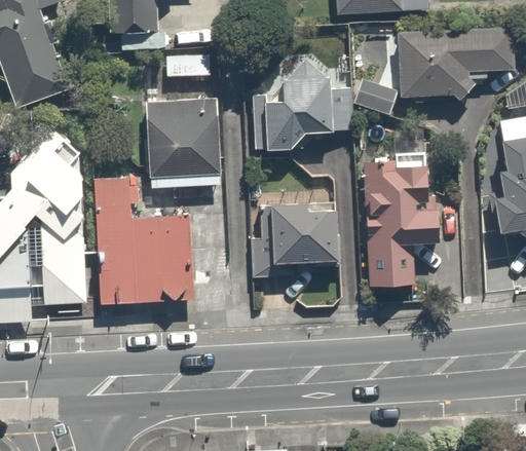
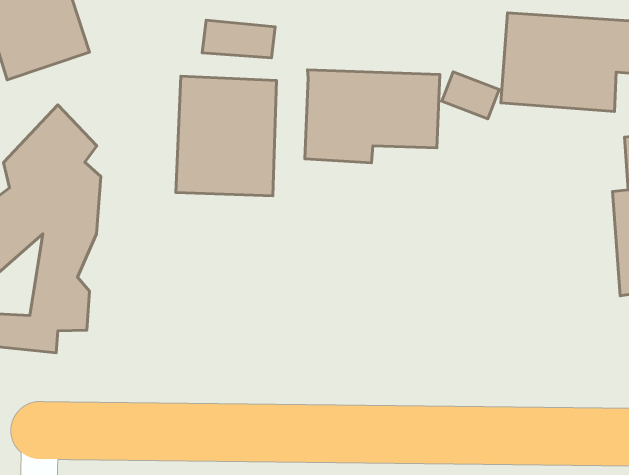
building: [359,152,453,297] -> none
building: [96,180,187,298] -> none
building: [251,203,342,273] -> none

